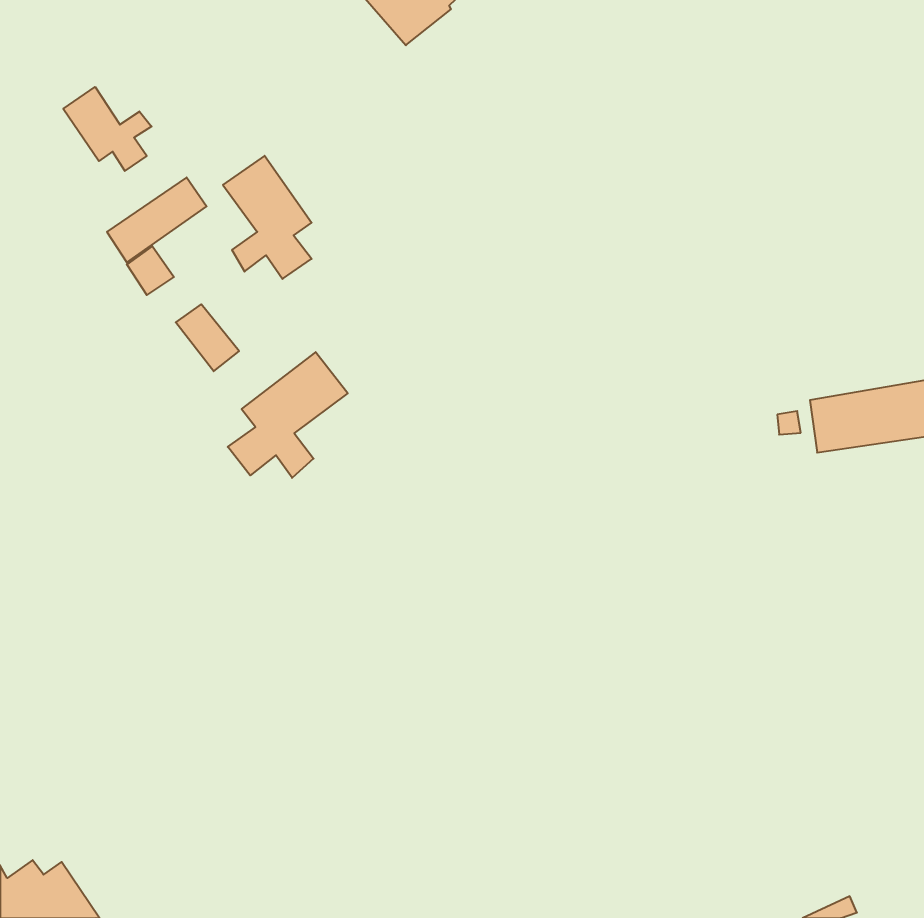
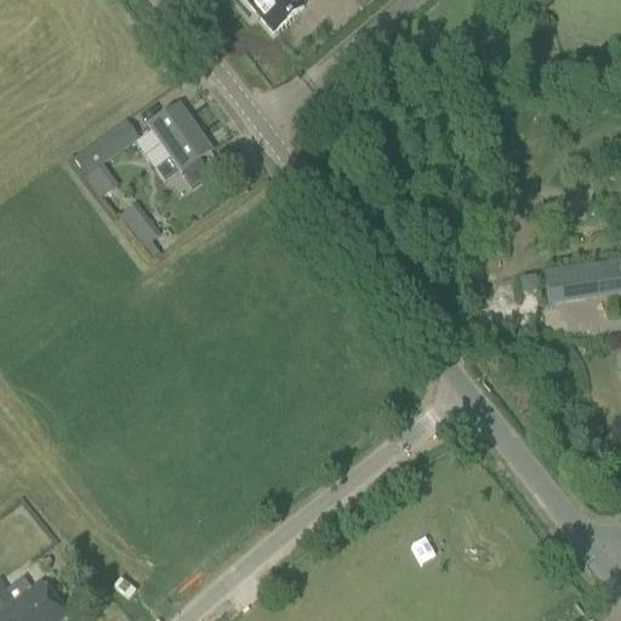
building: [63,87,152,171] -> none
building: [228,352,348,478] -> none

